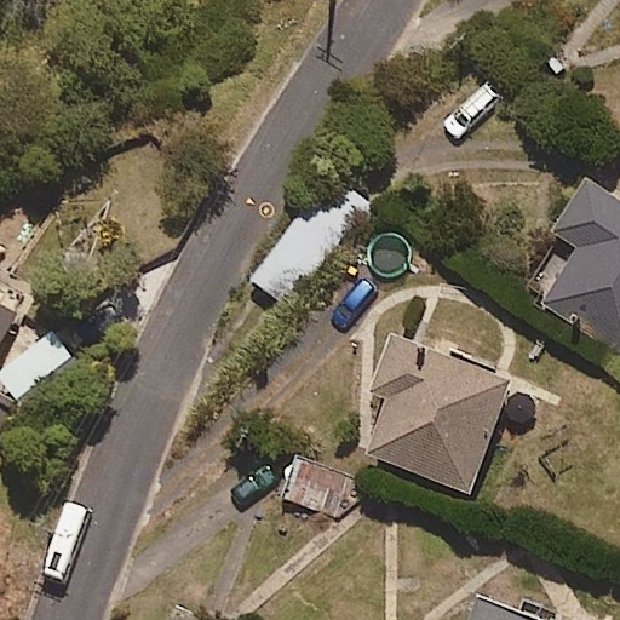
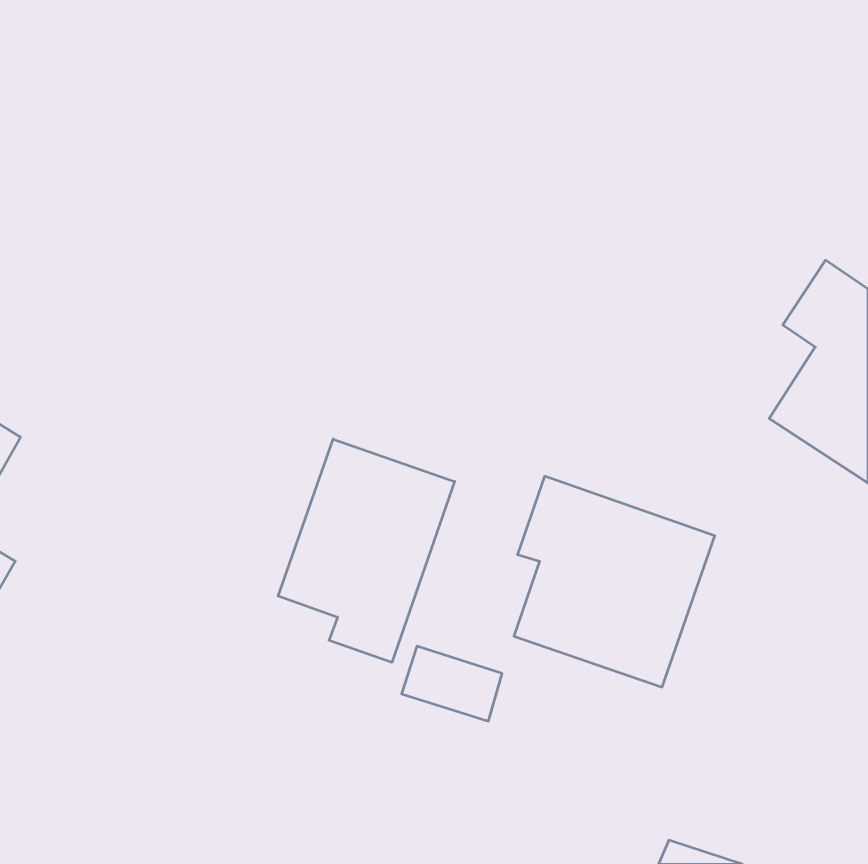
building: none -> [278,439,455,662]

